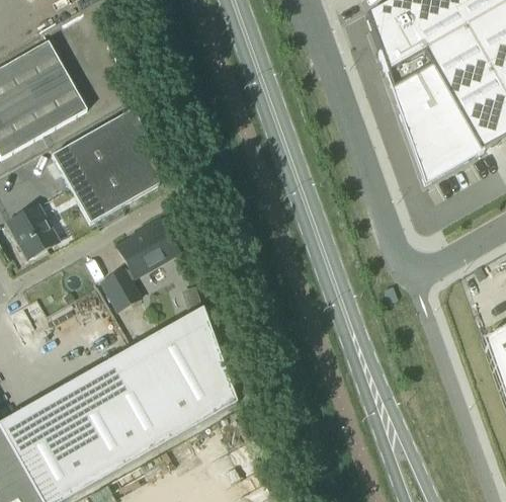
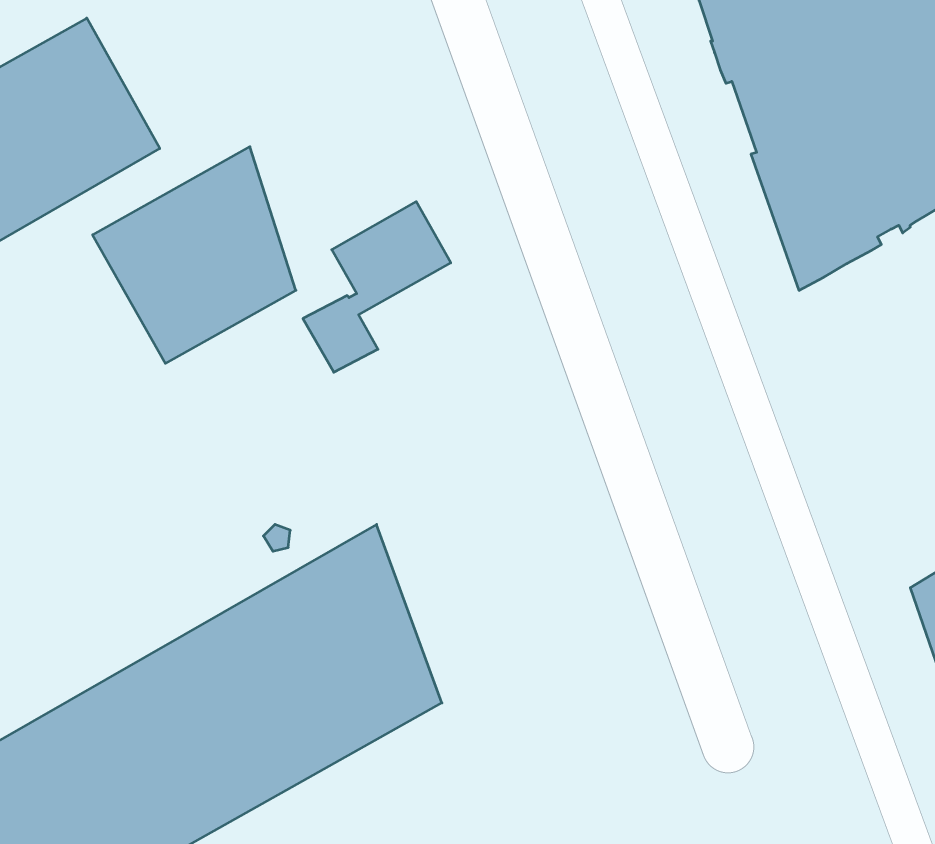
building: [8,204,59,257] -> none
building: [102,219,180,309] -> [303,202,451,372]

